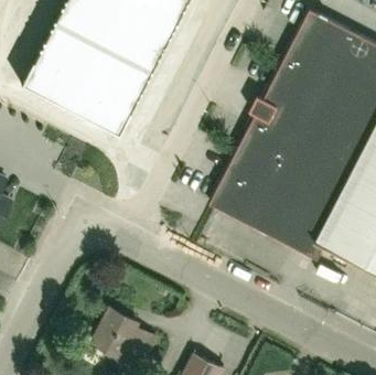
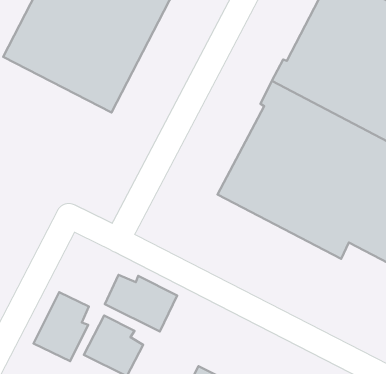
building: none -> [105,275,177,332]
building: none -> [33,292,89,361]

